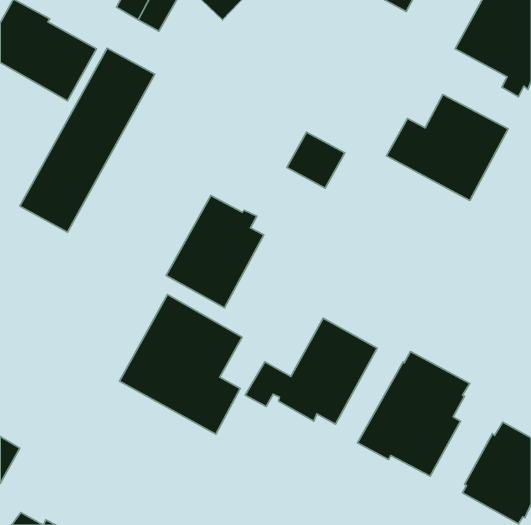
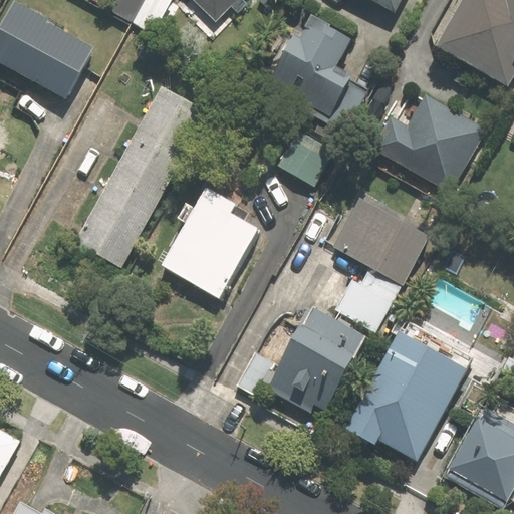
building: none -> [269,16,365,130]
building: [20,48,155,232] -> [75,85,206,263]
building: none -> [332,198,427,325]
building: [119,295,242,434] -> none

